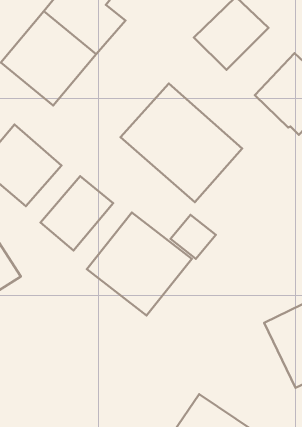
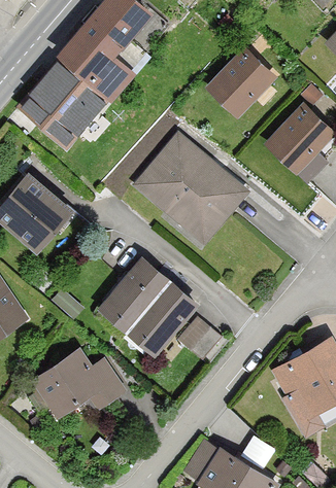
building: [40,176,113,251] -> none
building: [171,215,216,259] -> [177,316,222,359]
building: none -> [31,347,126,418]

